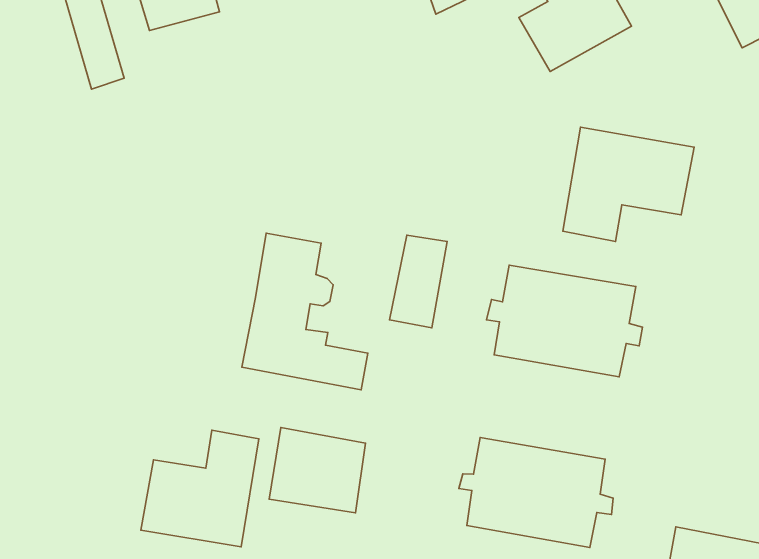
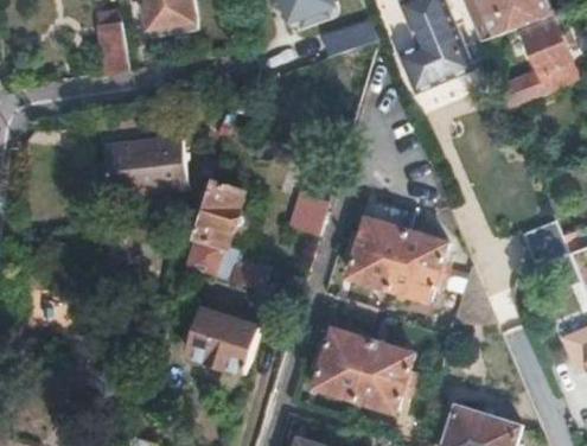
building: [563,127,694,241] -> none
building: none -> [83,138,183,198]
building: [141,430,259,547] -> none

